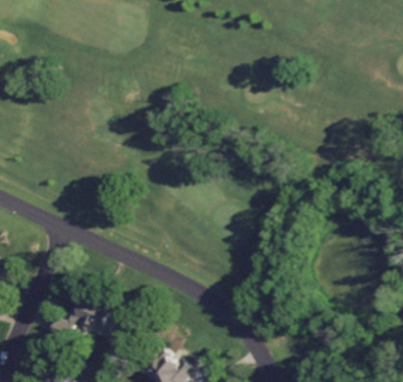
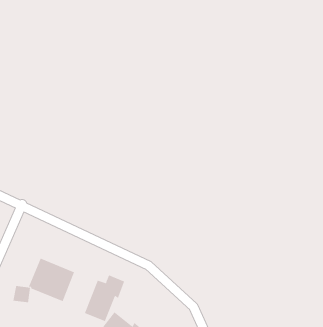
building: none -> [84,274,125,322]

